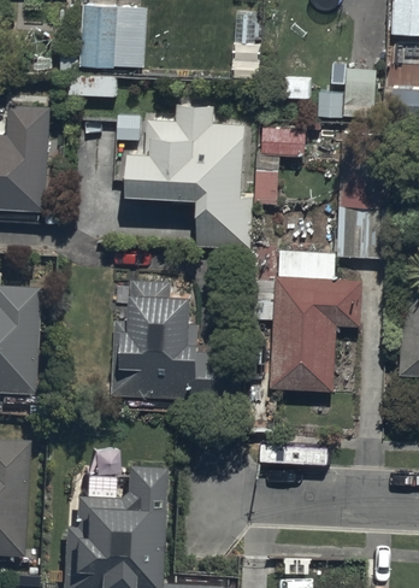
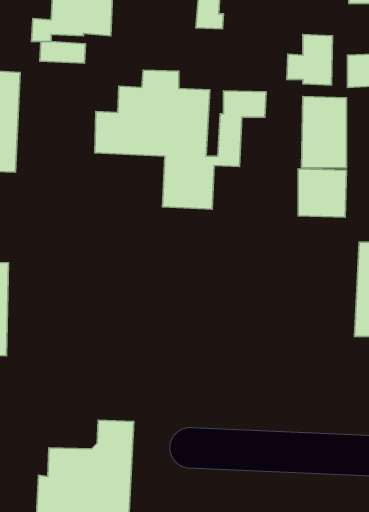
building: [271,278,365,396] -> none
building: [112,280,241,398] -> none

